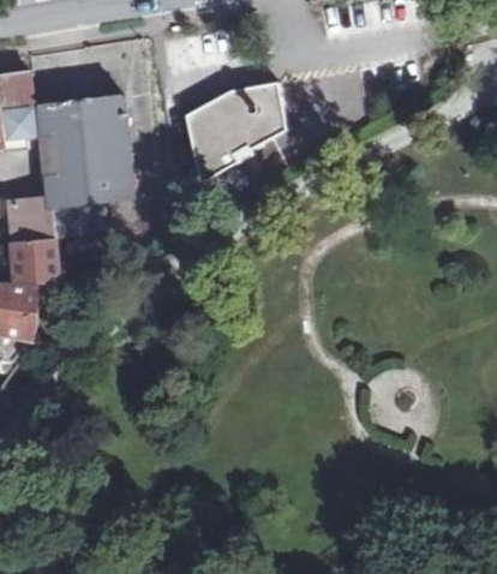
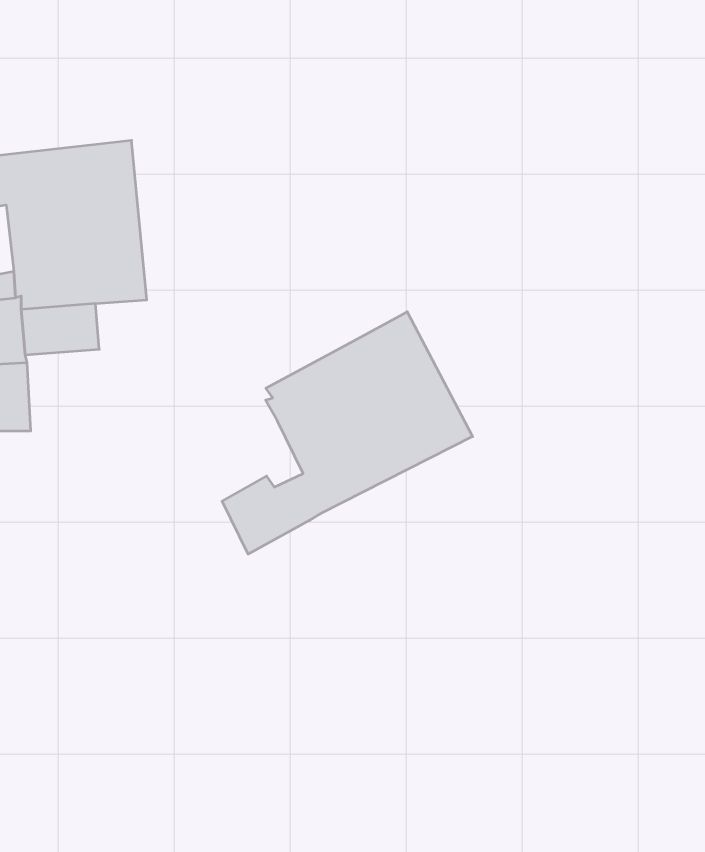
building: [186,86,286,185] -> none
building: none -> [222,312,473,554]

